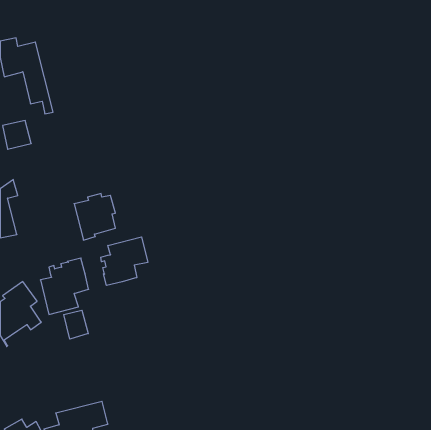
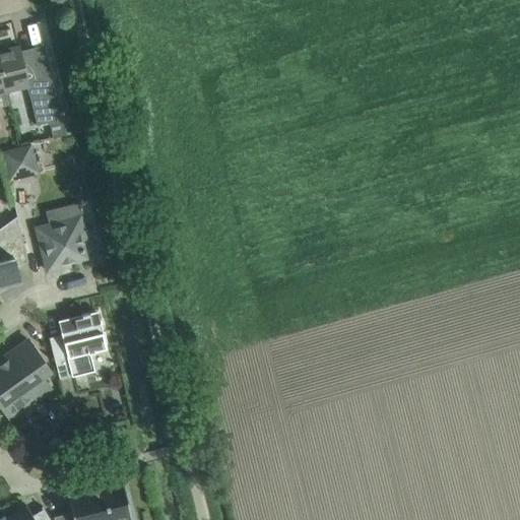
building: [74,194,115,240] -> [36,216,85,272]
building: [101,237,148,285] -> none
building: [64,310,88,339] -> none

